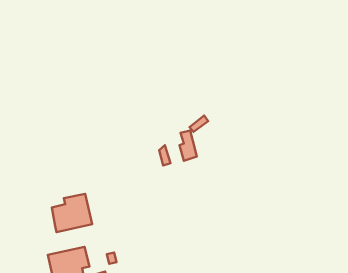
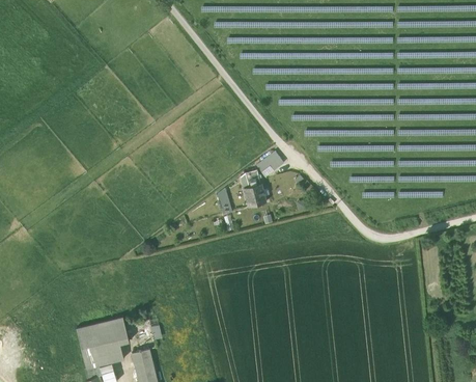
building: [52,194,92,232] -> none

